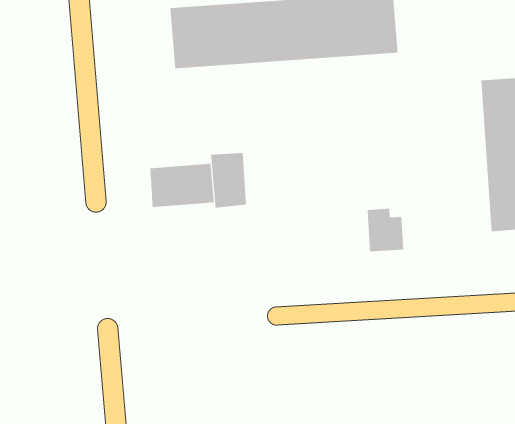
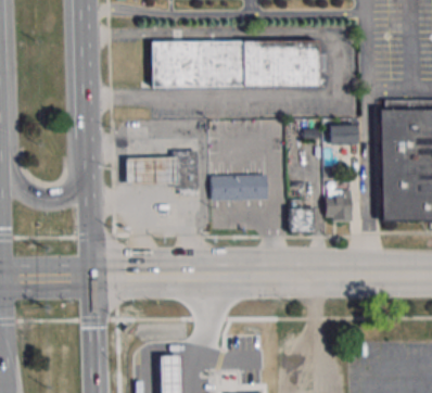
building: none -> [328,123,358,145]
building: none -> [212,175,268,200]
building: none -> [326,189,351,219]

